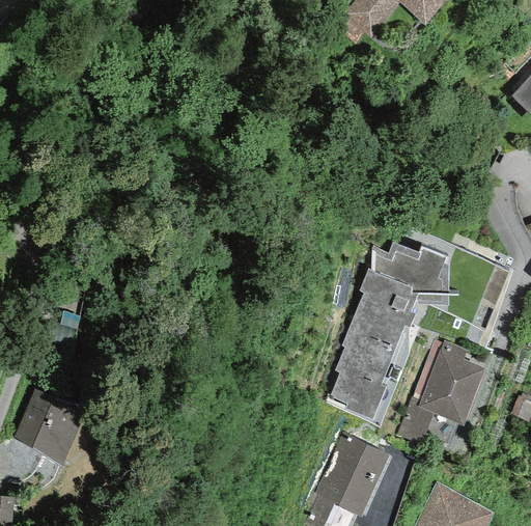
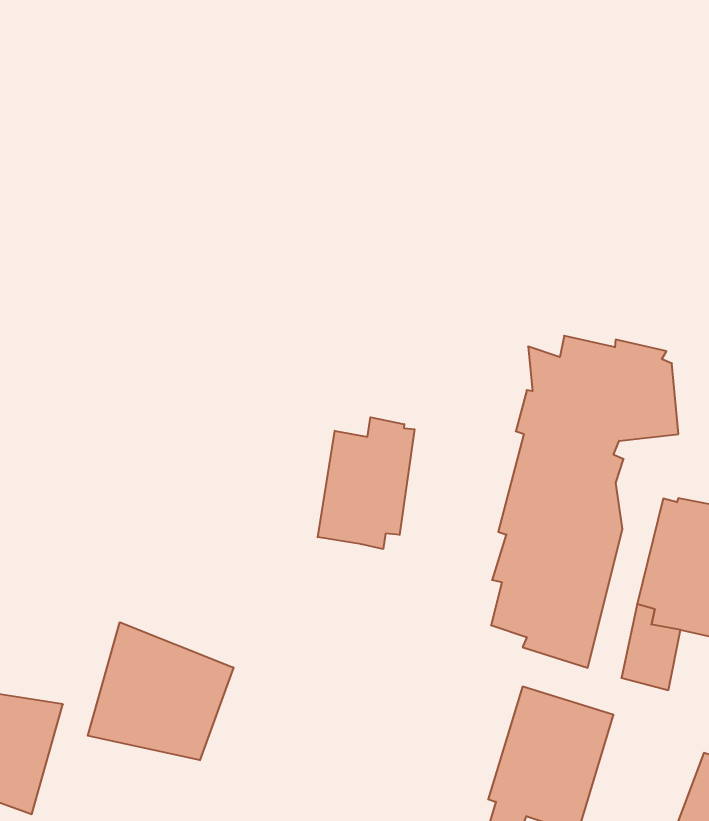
building: none -> [318,417,415,549]
building: none -> [88,622,234,760]

